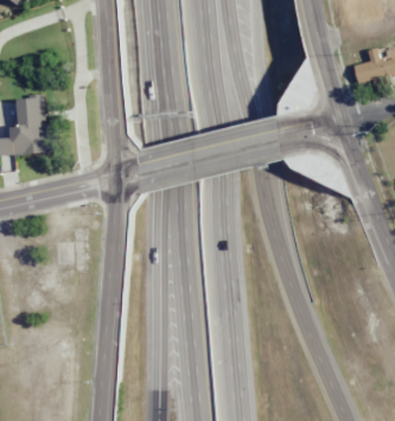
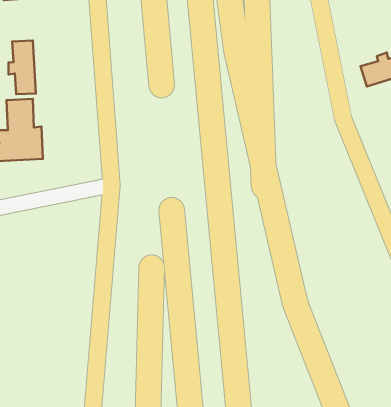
building: none -> [9,41,36,94]

